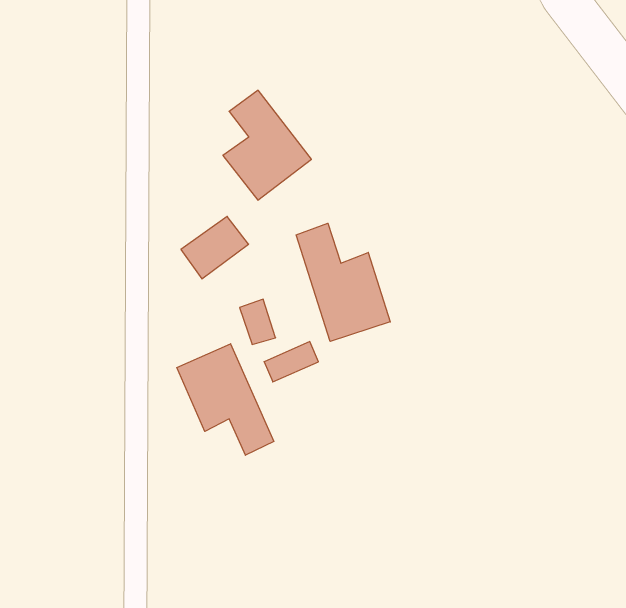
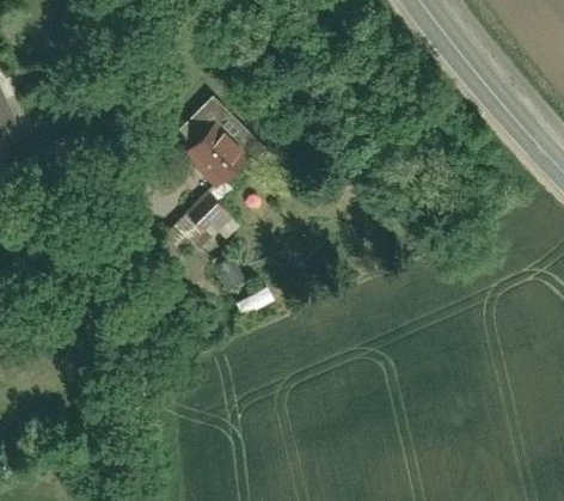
building: [296,223,390,341] -> none
building: [177,344,274,455] -> none

